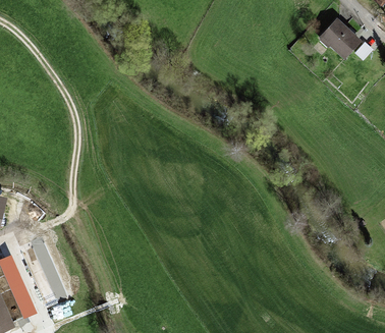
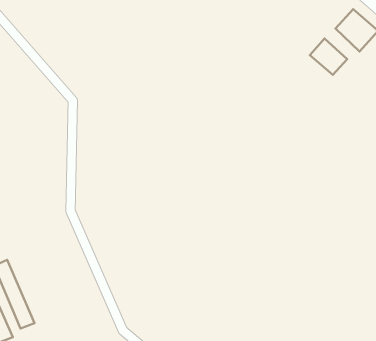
building: none -> [310,39,347,75]

